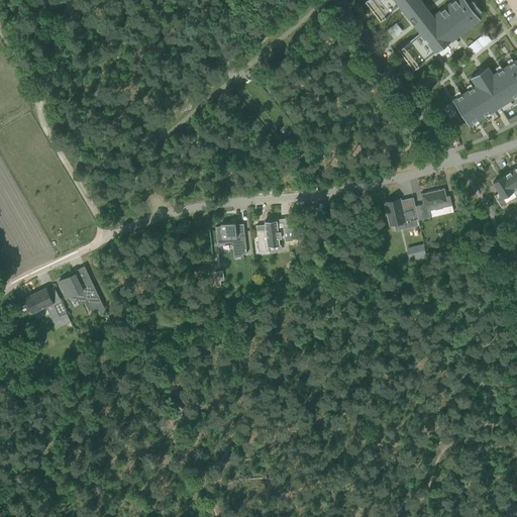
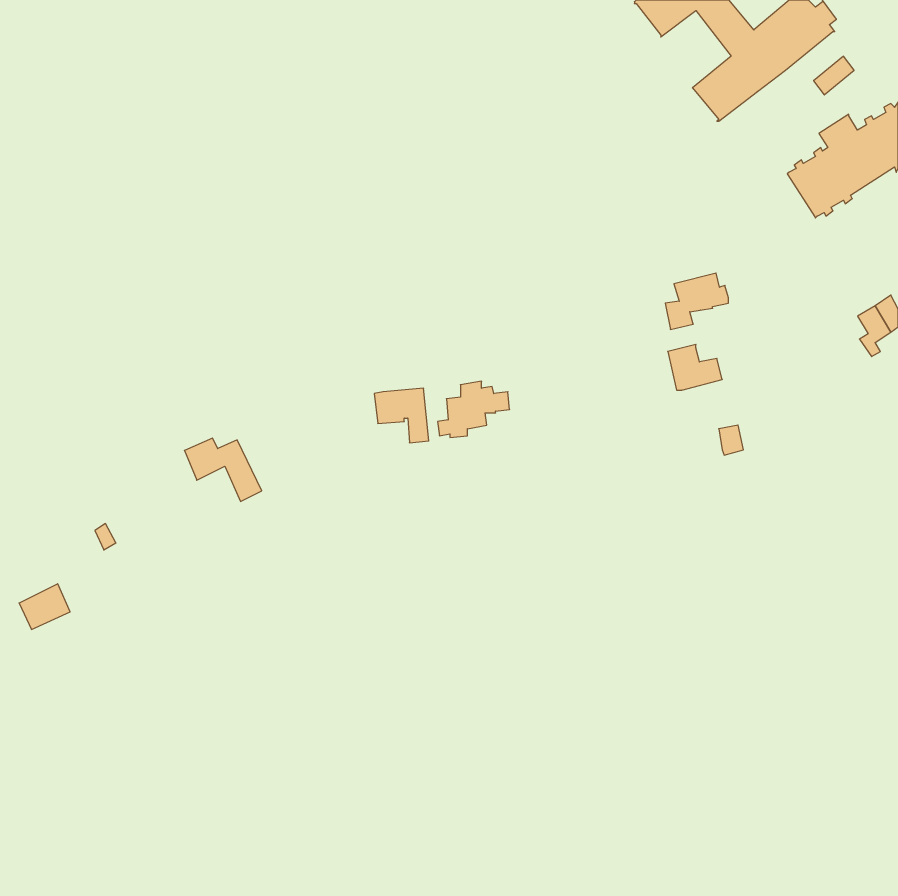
building: [415,189,451,221] -> [665,273,728,329]
building: [59,275,103,311] -> [184,438,262,501]
building: [24,288,54,314] -> [19,584,70,629]

